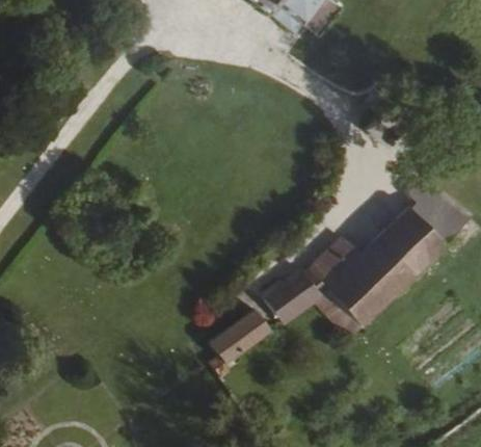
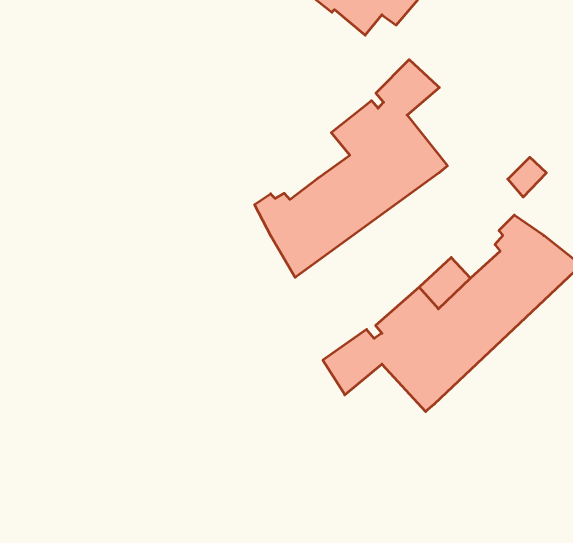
building: none -> [255,60,447,277]
building: [209,308,270,365] -> none

